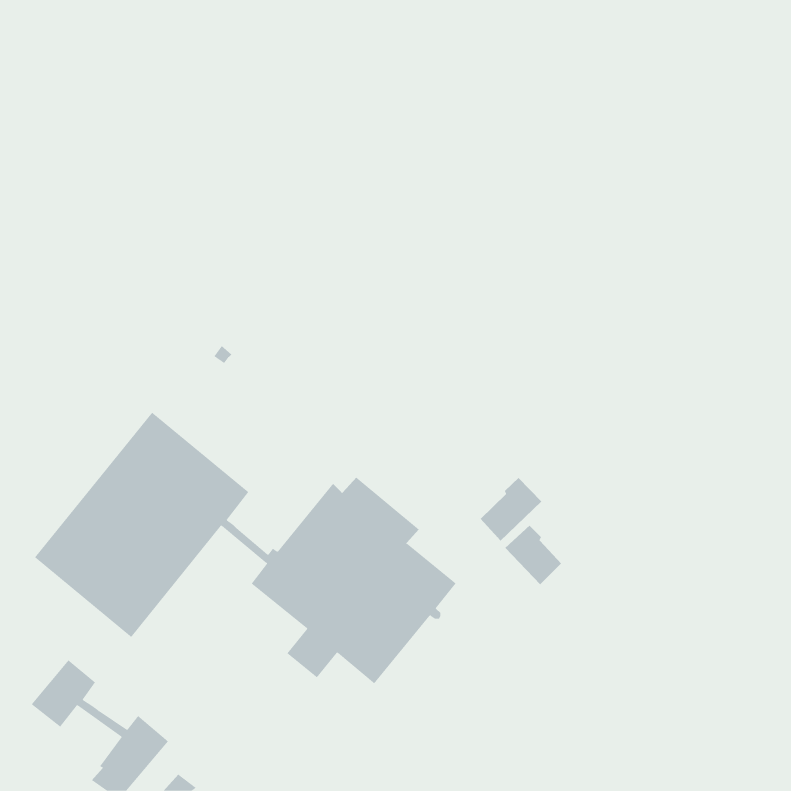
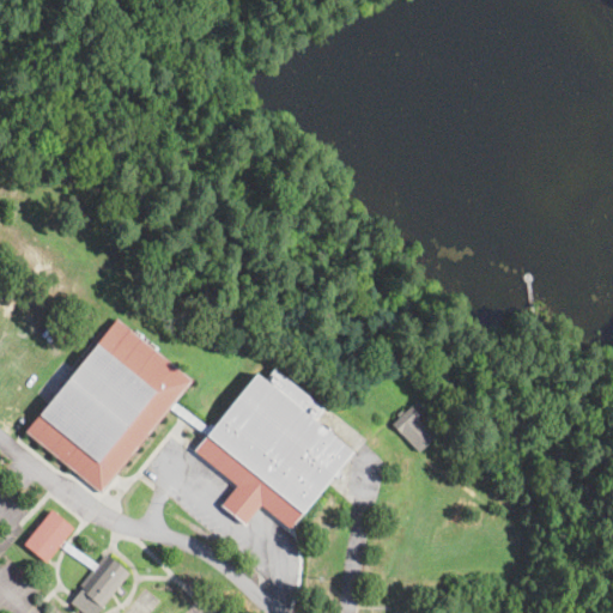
building: [480,477,542,541] -> none

